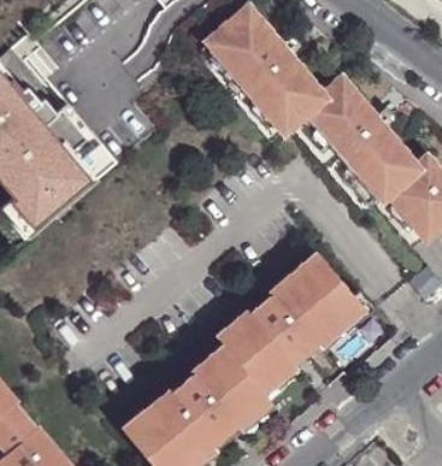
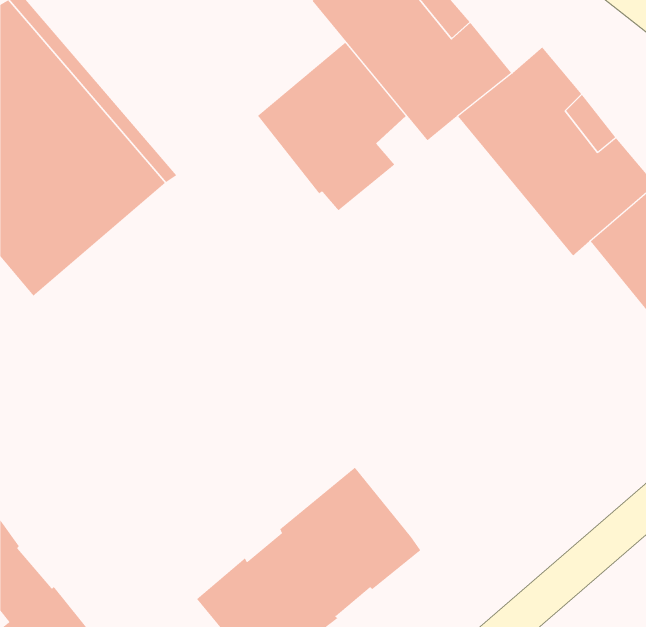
building: none -> [257,42,406,211]
building: [220,254,364,389] -> none

